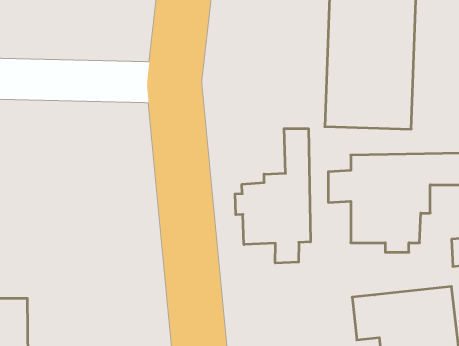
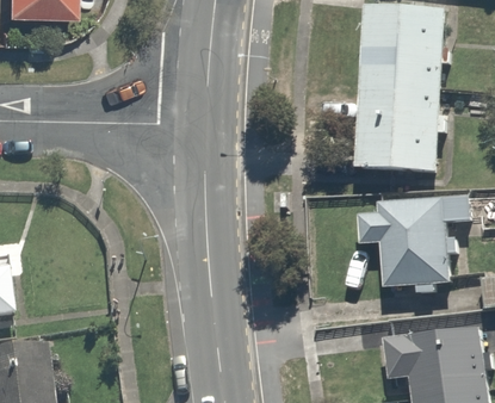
building: [235,129,310,263] -> none

